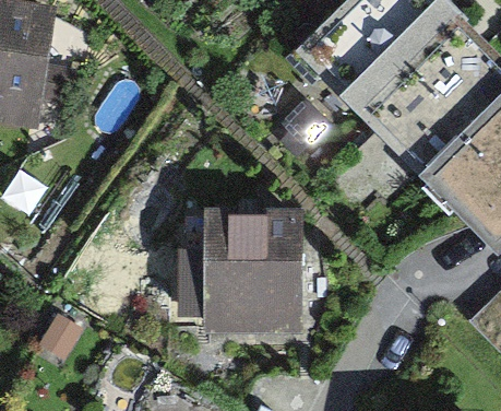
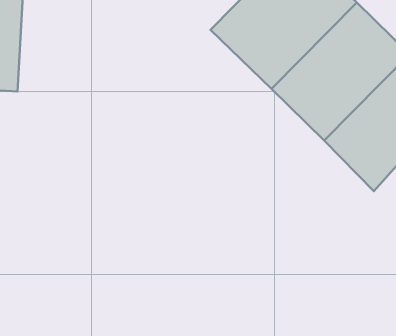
building: [192,204,319,336] -> none

